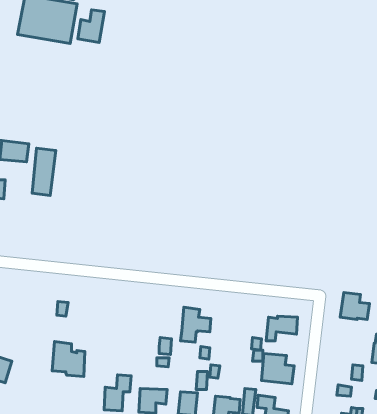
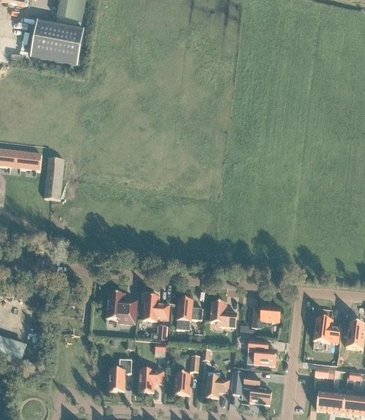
building: [78,10,105,42] -> none
building: [340,292,370,319] -> [314,318,340,342]
building: none -> [143,295,170,320]
building: none -> [210,302,237,327]
building: [52,341,85,376] -> [107,292,136,323]

